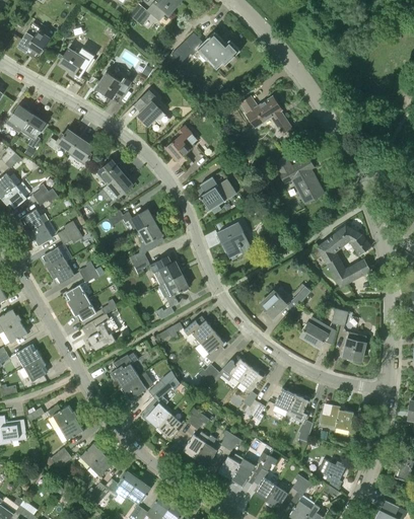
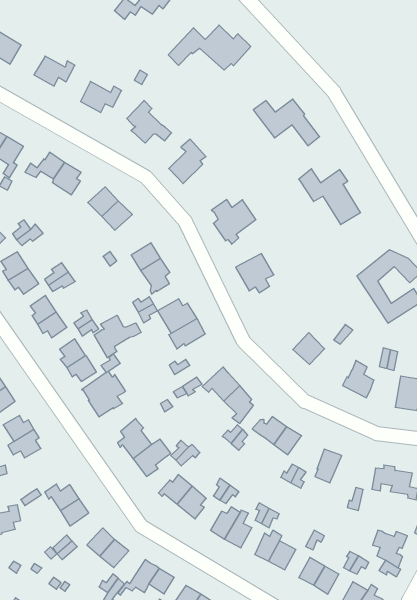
building: none -> [94,315,141,358]
building: [286,394,309,422] -> none

